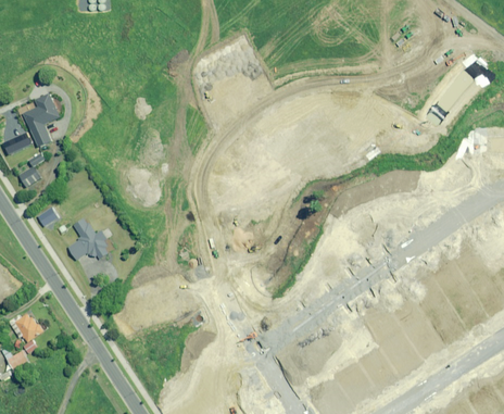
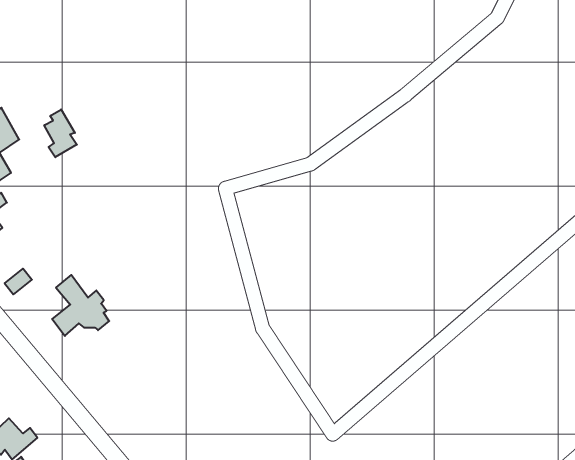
building: none -> [44,109,77,157]

